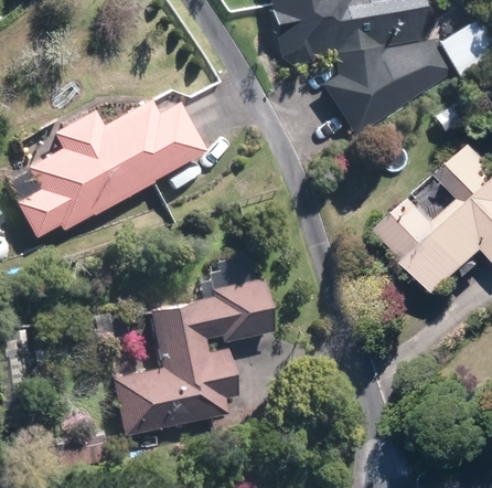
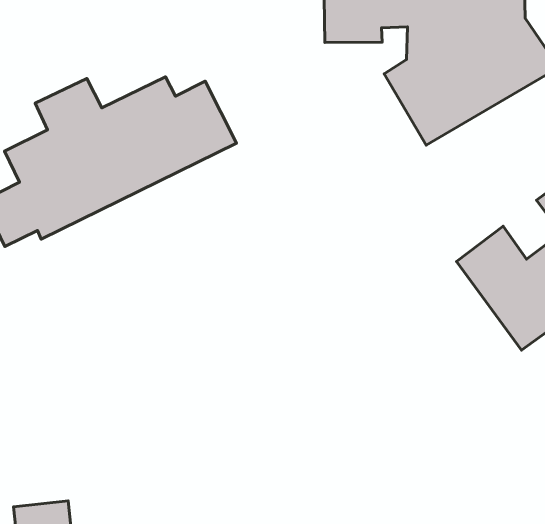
building: [114,274,276,437] -> none

